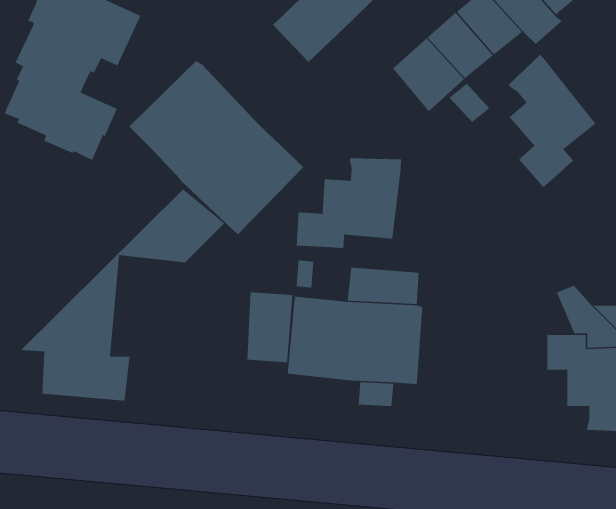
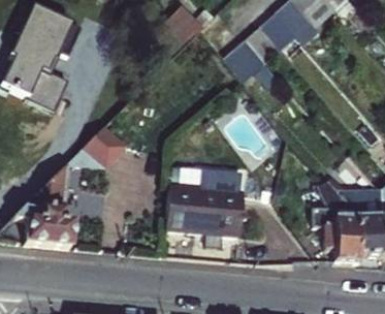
building: [508,54,596,188] -> none
building: [129,60,304,235] -> none
building: [296,157,402,249] -> none
building: [247,291,293,363] -> none

